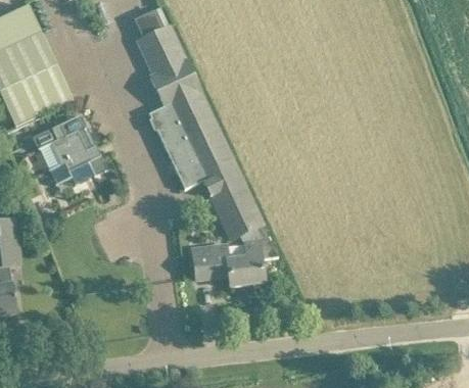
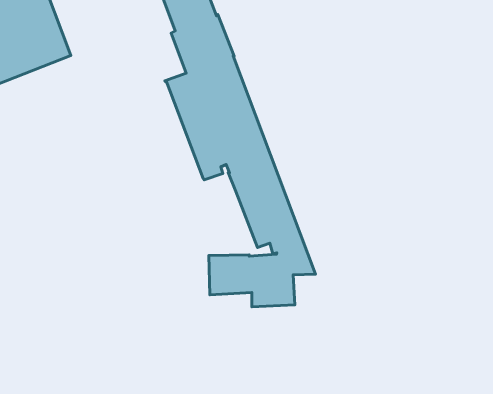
building: [32,113,105,183] -> none

